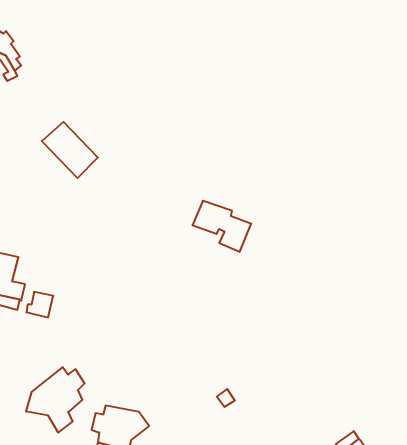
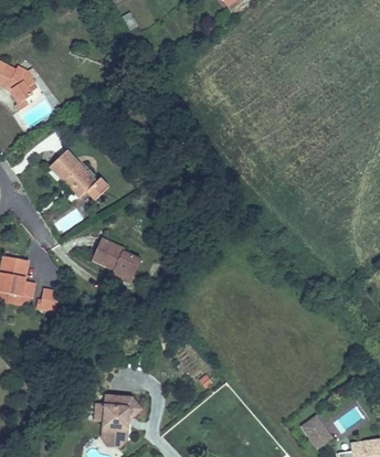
building: [192,201,251,252] -> [89,238,140,283]
building: [26,367,85,433] -> none

